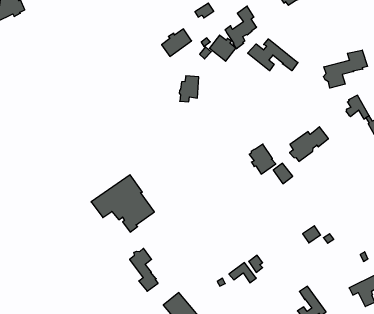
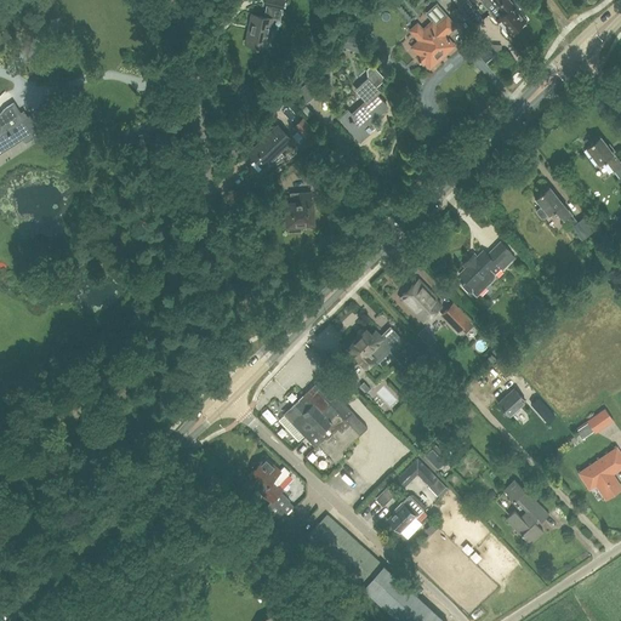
building: [209,35,236,61] -> none
building: [248,39,298,71] -> none
building: [323,50,367,88] -> none
building: none -> [346,330,417,370]
building: [91,175,154,232] -> [270,378,366,463]
building: none -> [388,496,425,532]

